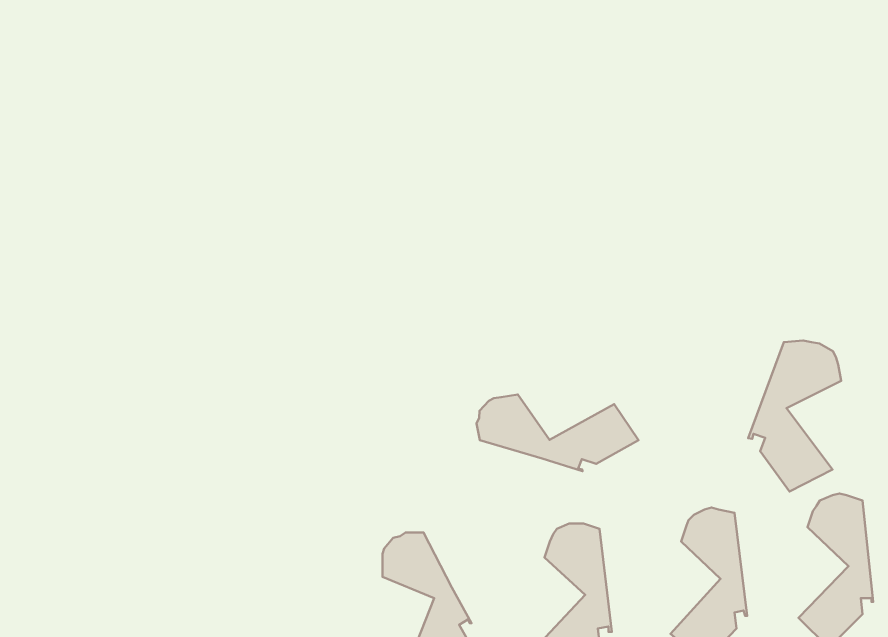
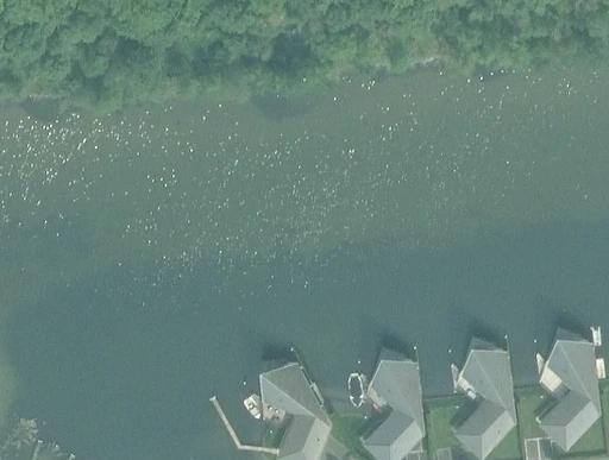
building: [748,341,841,492] -> none
building: [476,395,639,471] -> none

